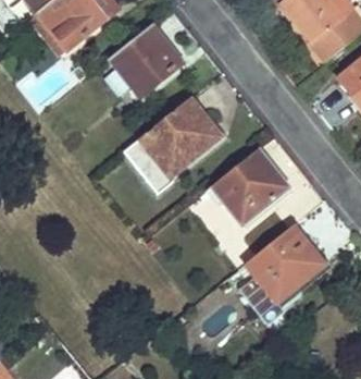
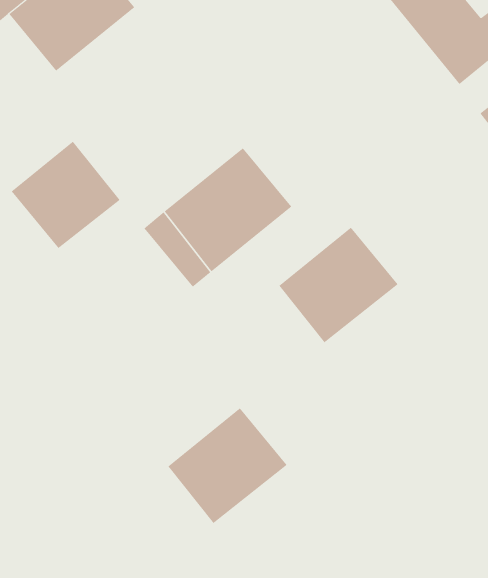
building: [110,25,180,95] -> [11,141,121,249]
building: [246,227,323,302] -> [168,408,287,524]

